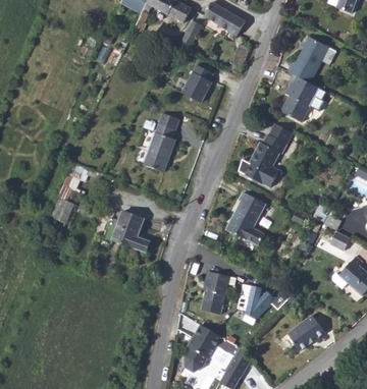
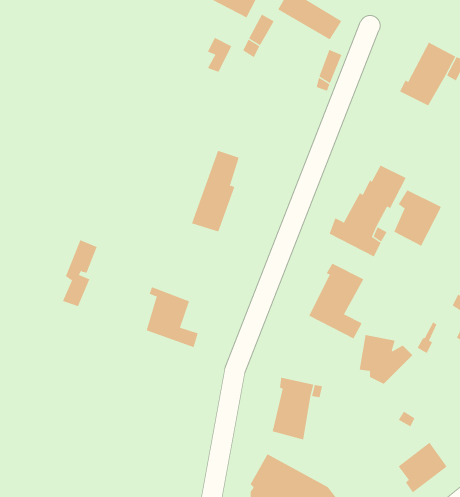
building: [182,64,213,102] -> none
building: [282,82,316,122] -> [394,189,442,247]
building: [239,284,276,319] -> [359,335,413,384]

